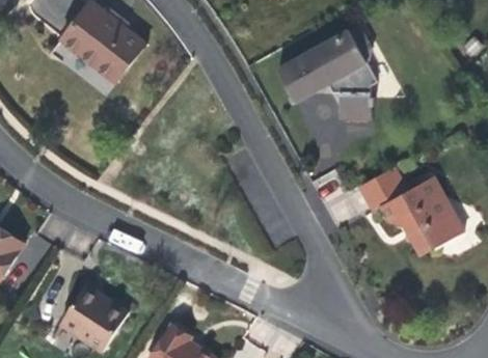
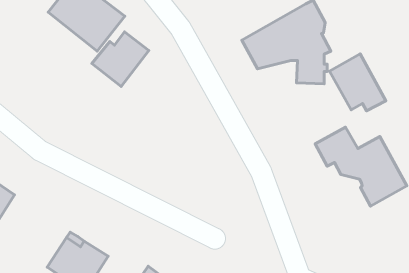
building: none -> [92,32,149,87]
building: none -> [330,54,386,111]

